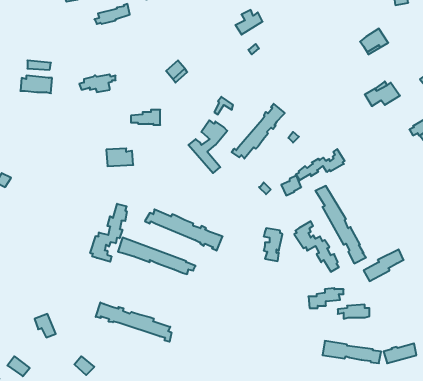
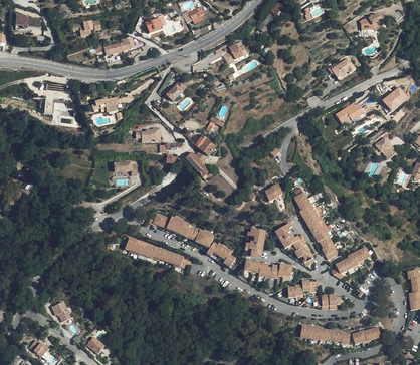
building: [232,104,285,159] -> none
building: [296,149,345,180] -> none
building: [90,204,127,262] -> none
building: none -> [206,242,236,269]
building: none -> [243,260,292,279]
building: [96,302,171,342] -> none

